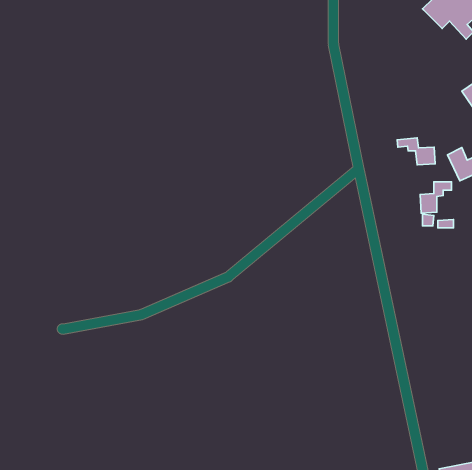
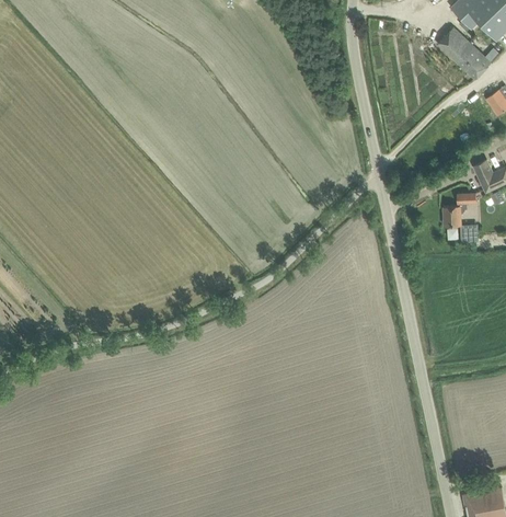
building: none -> [438,26,492,79]
building: [397,138,435,165] -> none

